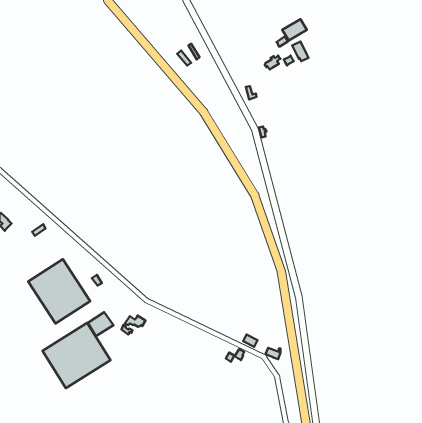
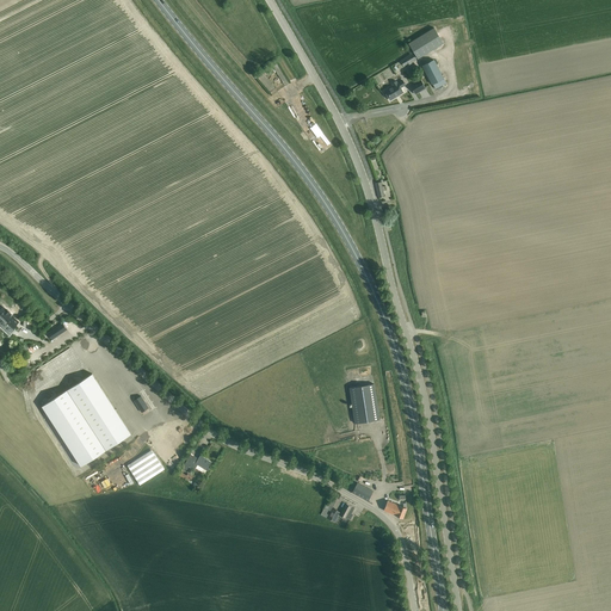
building: none -> [348,384,378,424]
building: [42,323,110,388] -> none

